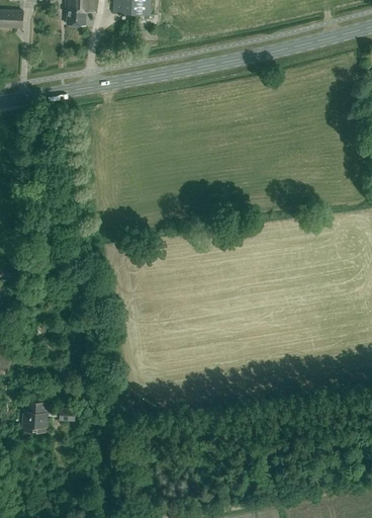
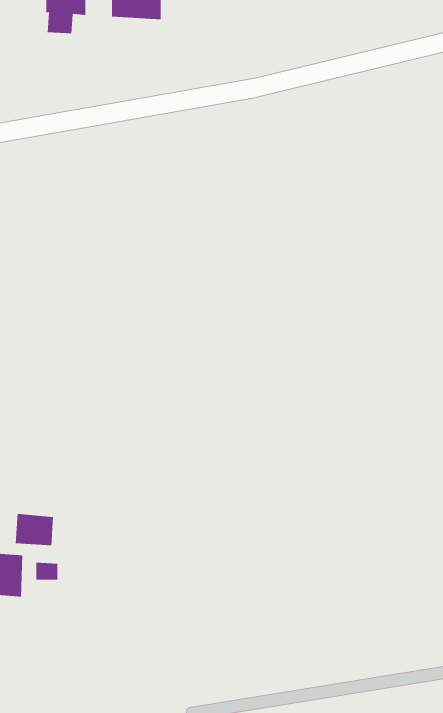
building: none -> [15,513,54,546]

